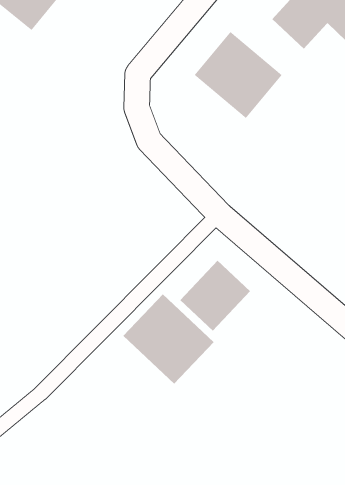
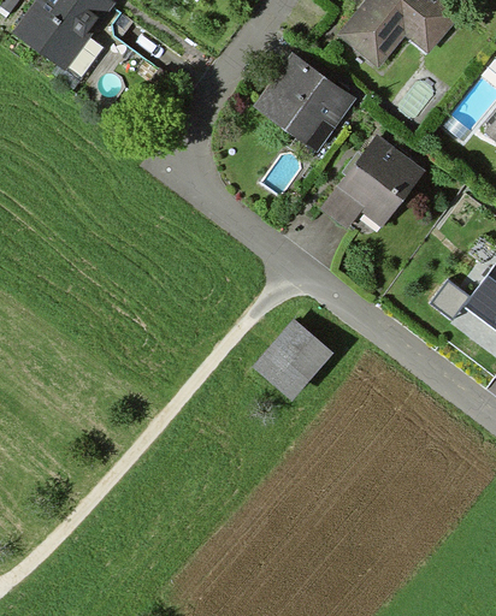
building: none -> [319,138,420,231]
building: [123,294,214,385] -> none

